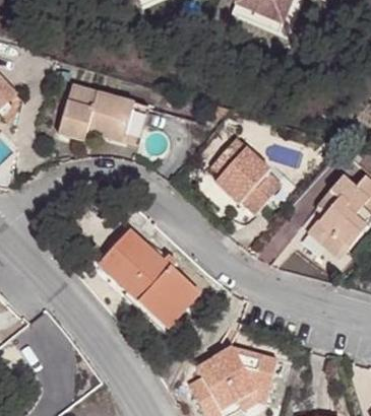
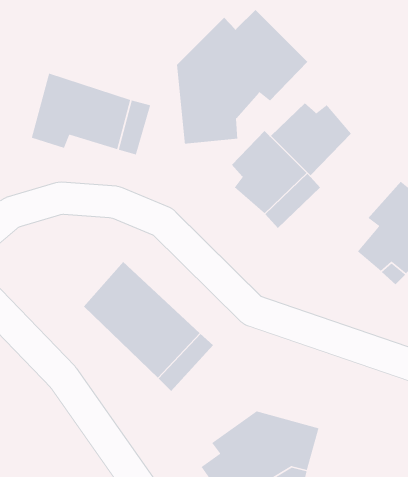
building: none -> [176,9,308,145]
building: none -> [270,102,352,176]

